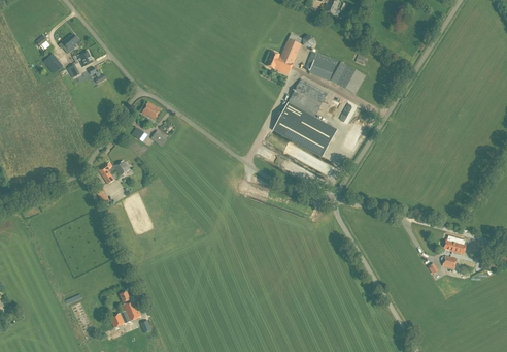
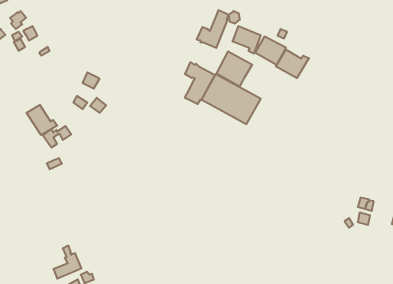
building: none -> [276,49,309,78]
building: none -> [185,62,215,104]
building: none -> [26,105,57,135]

